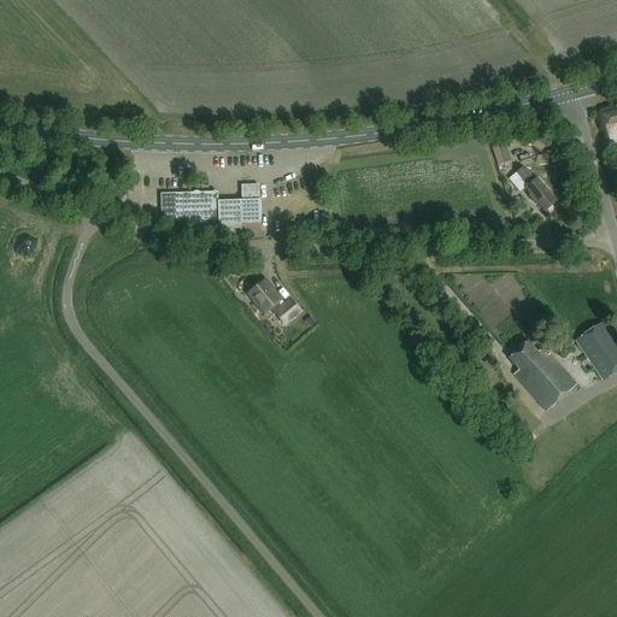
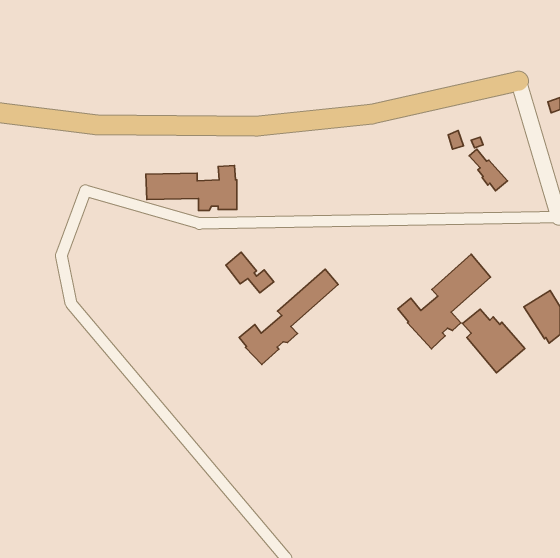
building: none -> [398,254,490,349]
building: none -> [239,269,338,365]

